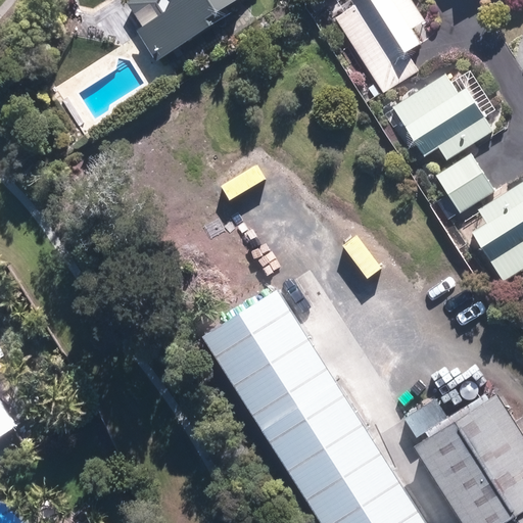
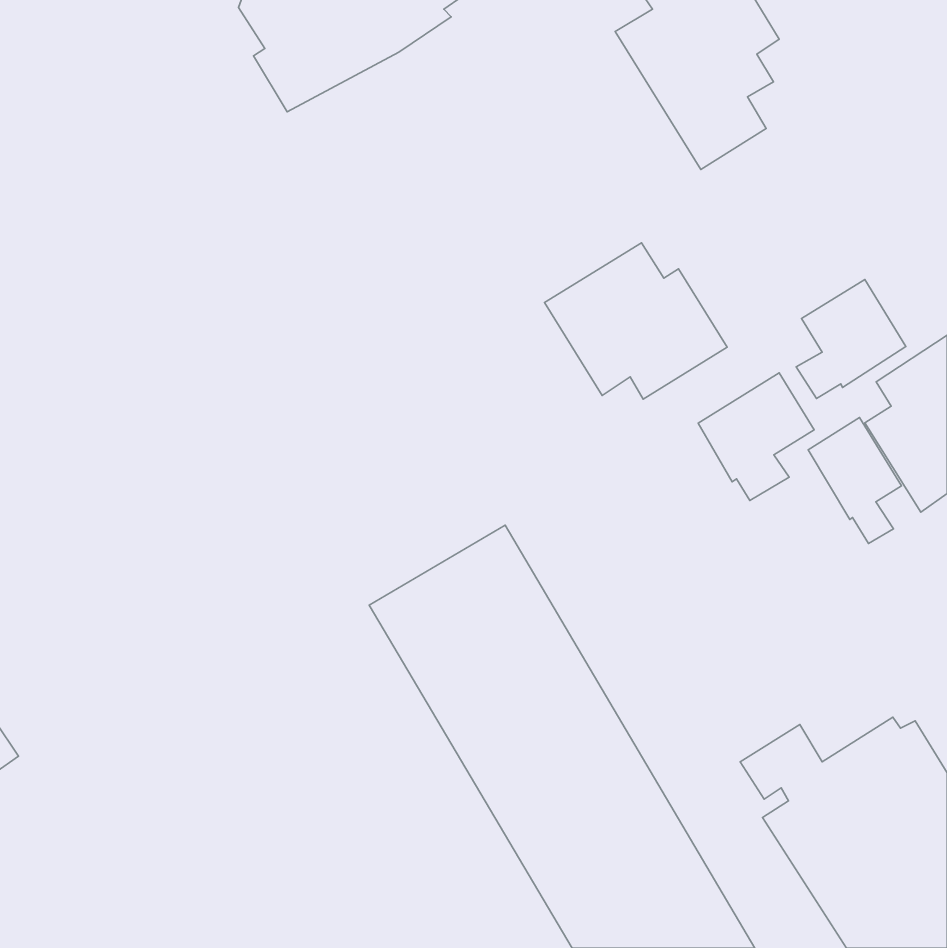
building: [394,74,494,159] -> [544,243,727,399]
building: none -> [698,373,814,501]
building: none -> [808,418,902,543]

